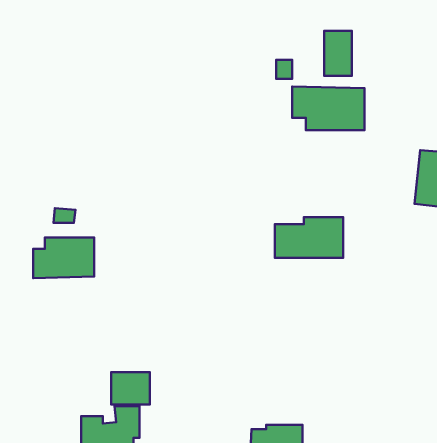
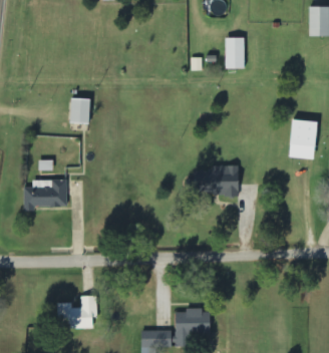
building: [292,86,365,130] -> none
building: none -> [69,97,89,123]
building: [111,372,150,404] -> none

